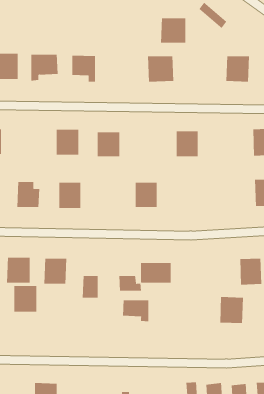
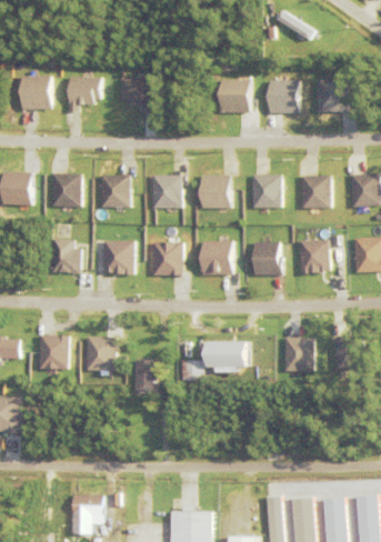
building: [160,18,186,43] -> [265,81,299,113]
building: none -> [50,173,80,207]
building: none -> [301,175,329,210]
building: none -> [201,177,230,209]
building: none -> [298,240,329,273]
building: none -> [151,241,180,274]
building: none -> [254,242,282,275]
building: [14,285,37,313] -> none
building: [219,297,244,324] -> [281,338,312,372]
building: [122,300,149,322] -> none

